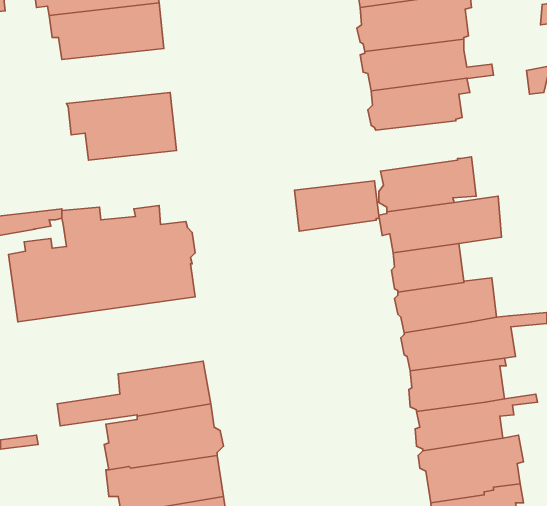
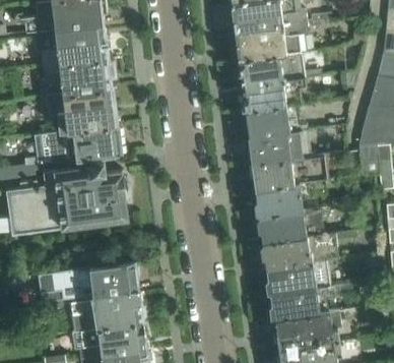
building: none -> [40,59,115,97]
building: none -> [46,125,123,162]
building: [295,181,379,231] -> [246,106,301,138]

